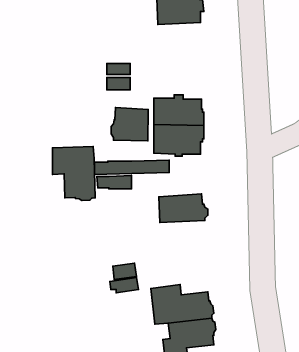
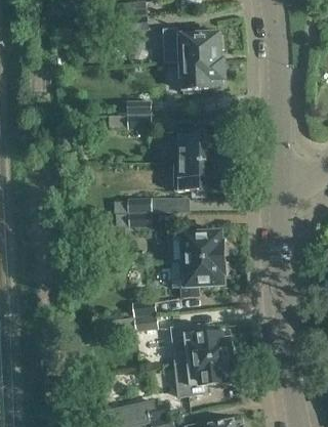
building: none -> [175,59,222,92]
building: [111,107,148,141] -> none
building: [53,147,95,200] -> none
building: none -> [168,258,227,288]

